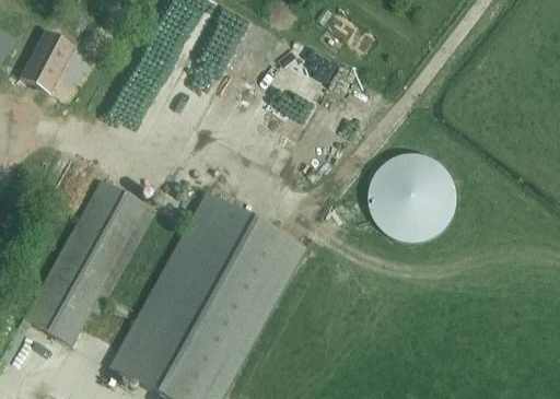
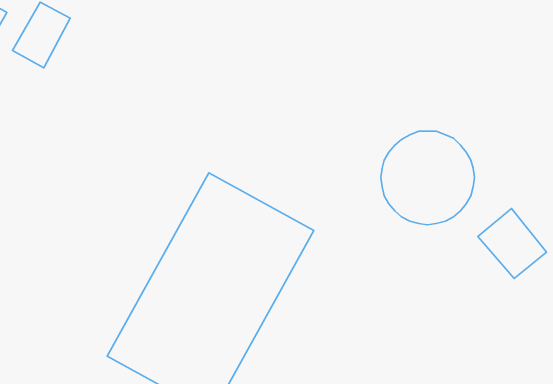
building: [24,179,156,345] -> none
building: none -> [478,209,547,279]

